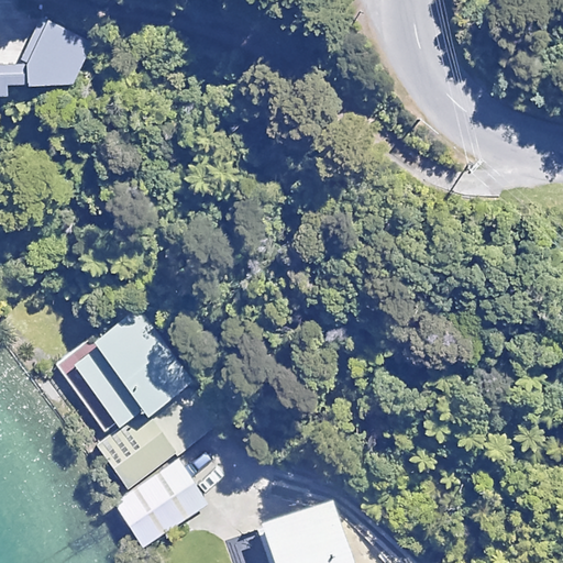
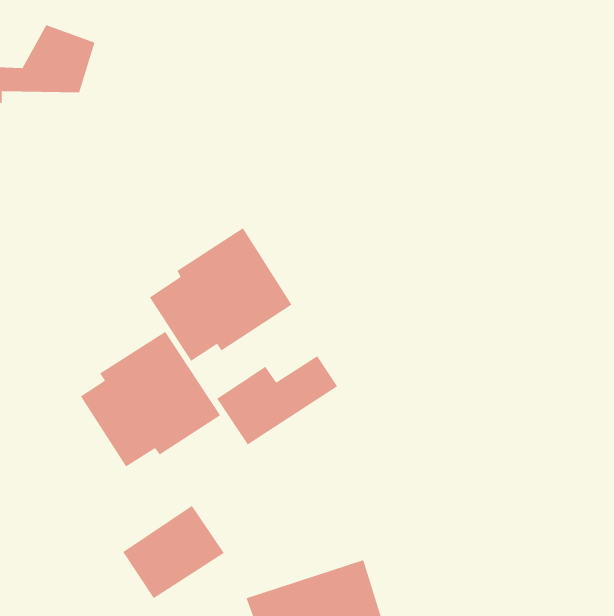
building: none -> [149,227,292,362]
building: [98,408,209,490] -> [216,355,338,446]

